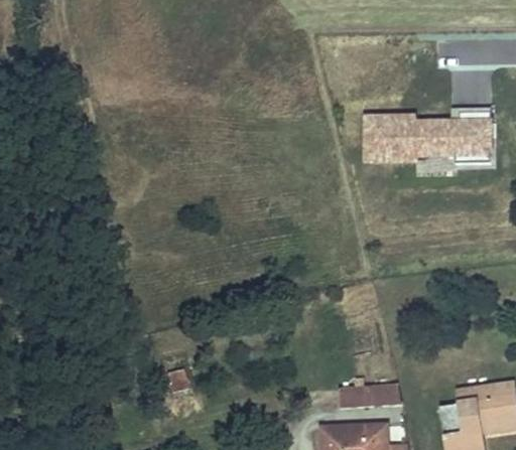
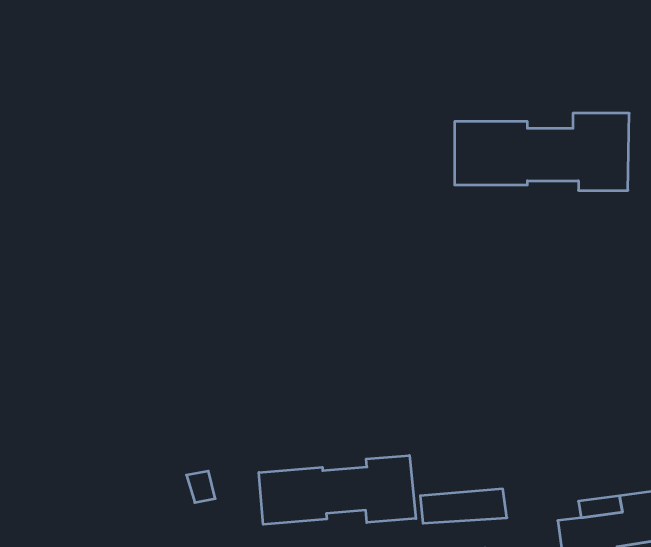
building: none -> [259,455,416,524]

